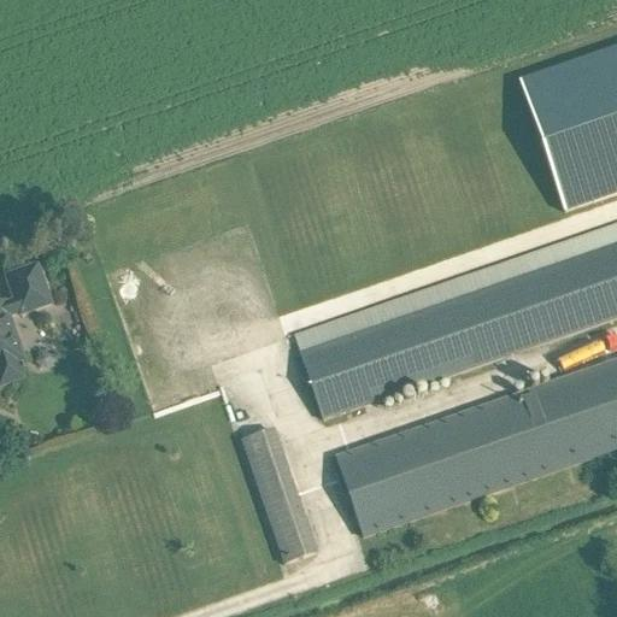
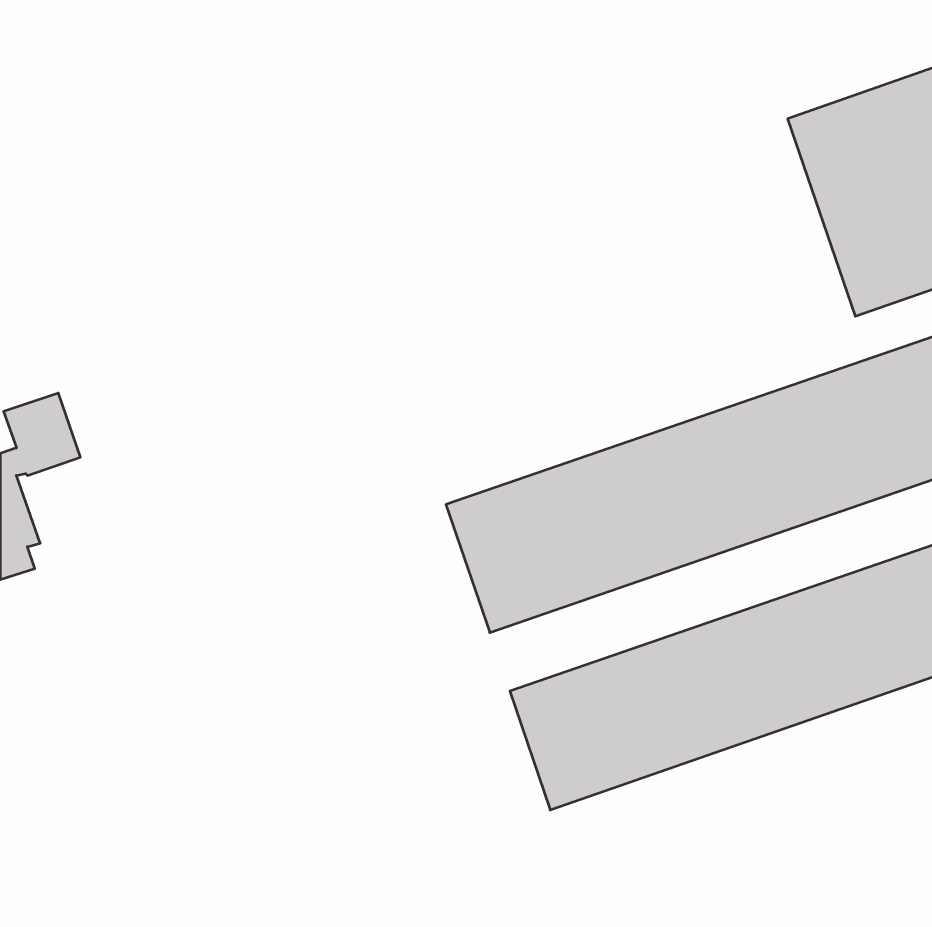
building: [243,428,316,560] -> none

